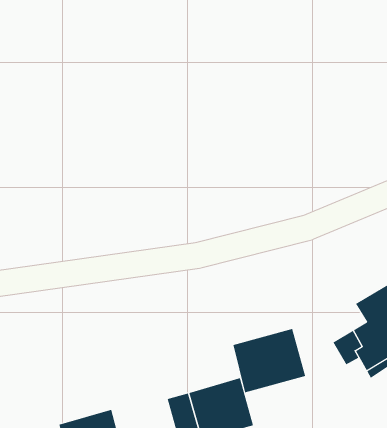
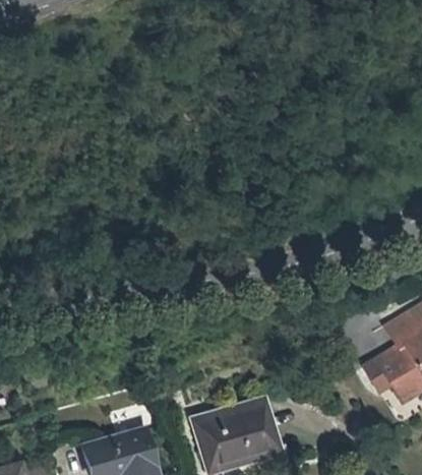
building: [233,328,306,393] -> none

